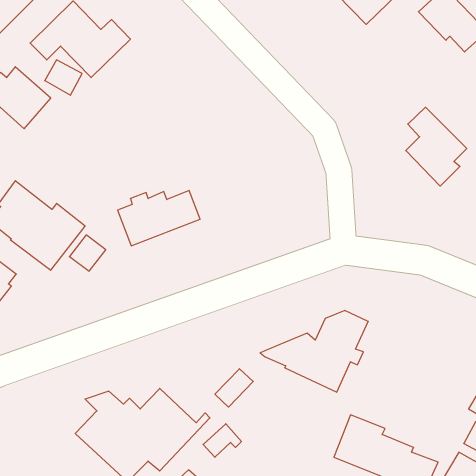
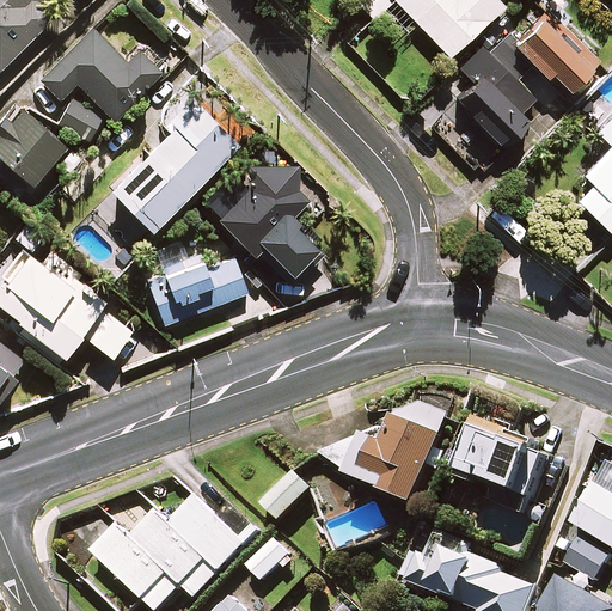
building: none -> [109,96,239,231]
building: [406,107,467,186] -> [459,48,533,143]
building: none -> [216,165,324,287]
building: none -> [458,417,547,497]

